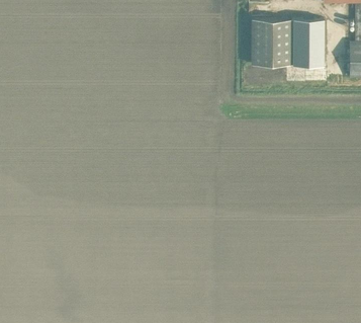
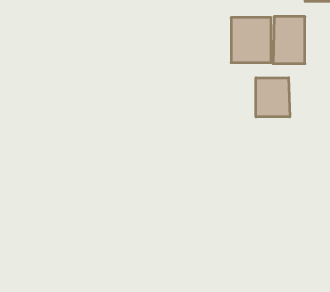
building: none -> [256,78,290,117]

